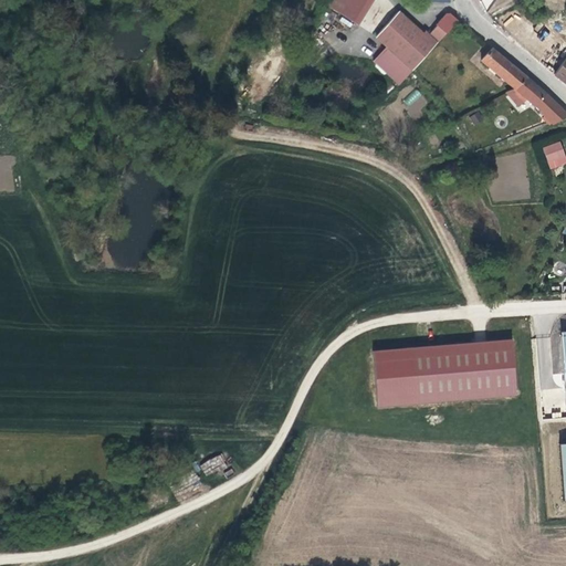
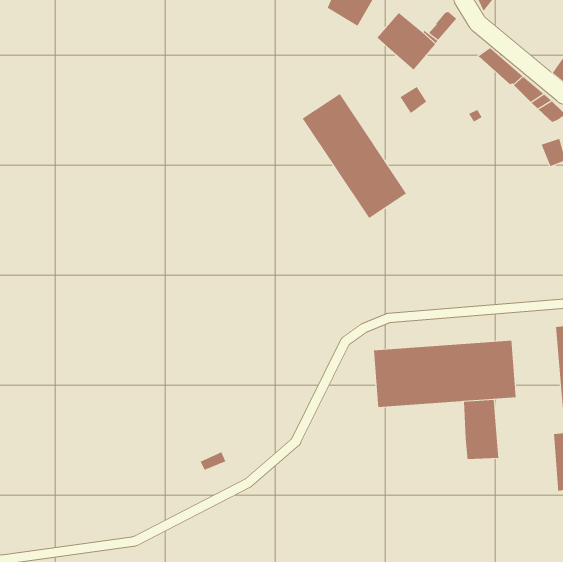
building: [376,48,416,85] -> none
building: none -> [302,93,407,219]
building: none -> [463,399,499,460]

